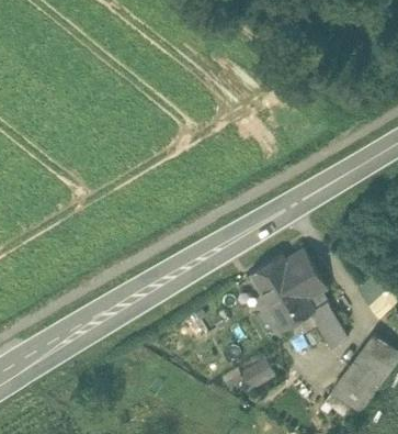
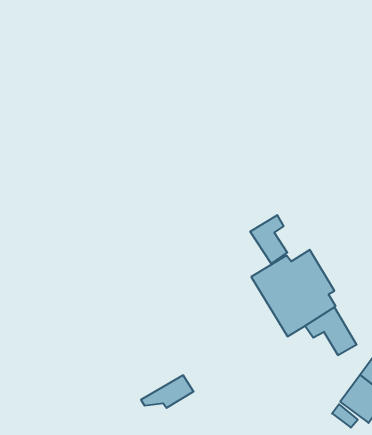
building: none -> [250,215,287,264]
building: [226,361,275,392] -> [141,375,194,408]

